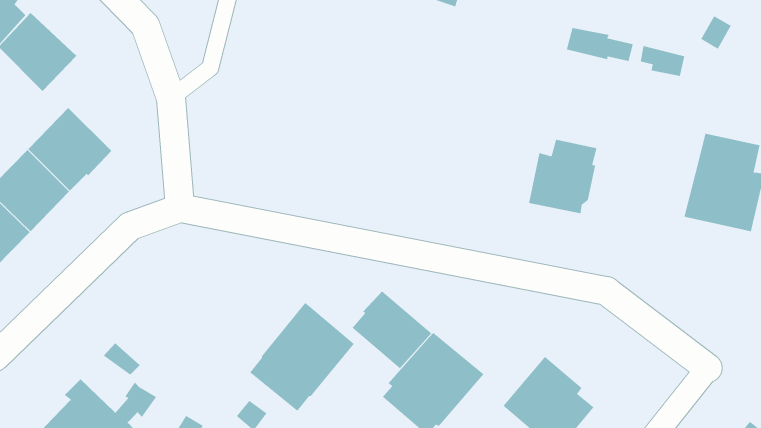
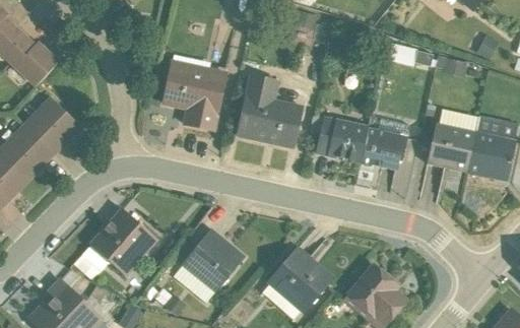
building: none -> [162,55,225,129]
building: none -> [237,74,302,146]
building: none -> [427,108,478,171]
building: none -> [308,115,368,161]
building: none -> [89,207,155,274]
building: [352,290,432,369] -> none

